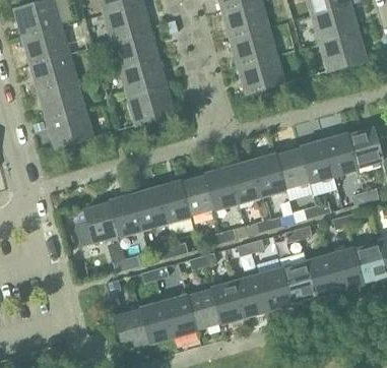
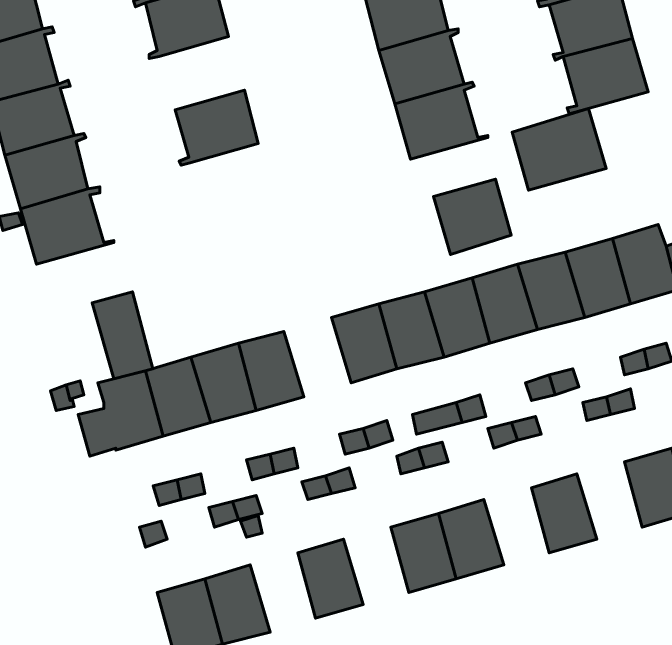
building: [116,30,159,69] -> none
building: none -> [512,108,606,190]
building: [131,85,175,124] -> none
building: none -> [433,179,511,254]
building: none -> [92,292,153,379]
building: [180,175,214,216] -> none
building: [330,249,364,289] -> none
building: [282,262,316,302] -> none
building: [210,283,244,322] -> none
building: [163,296,196,336] -> none

